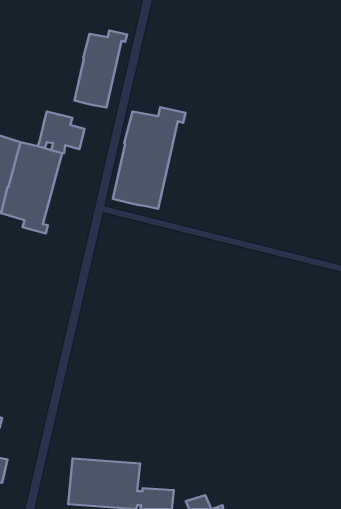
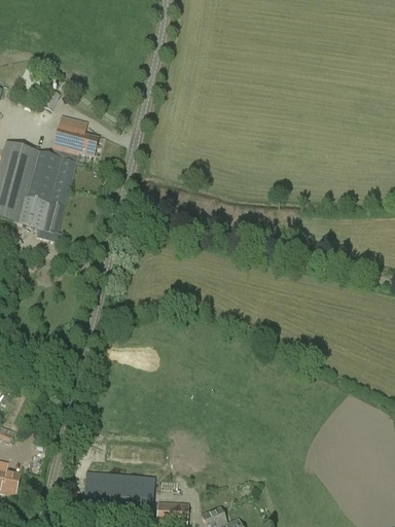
building: [74,30,127,107] -> none
building: [113,107,186,209] -> none

